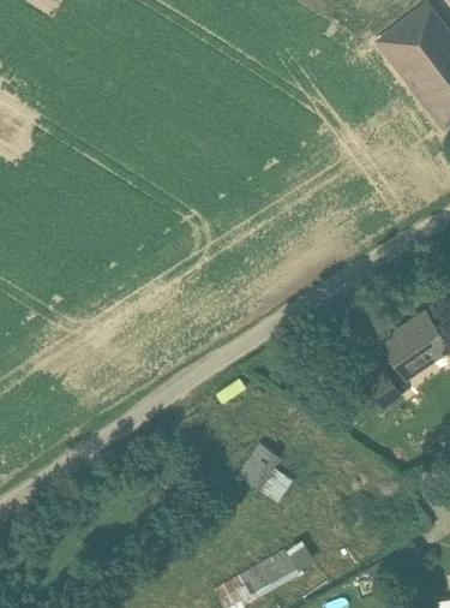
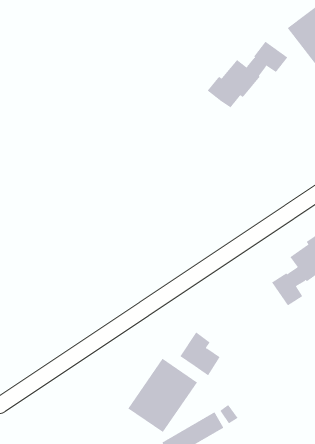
building: none -> [207,41,288,108]
building: none -> [127,358,198,433]

